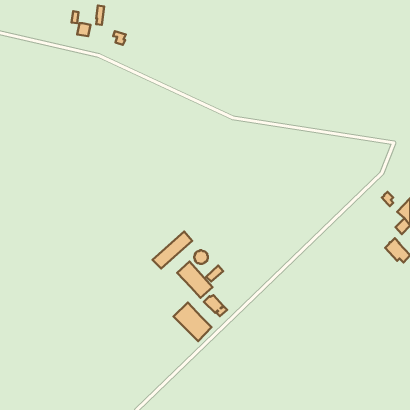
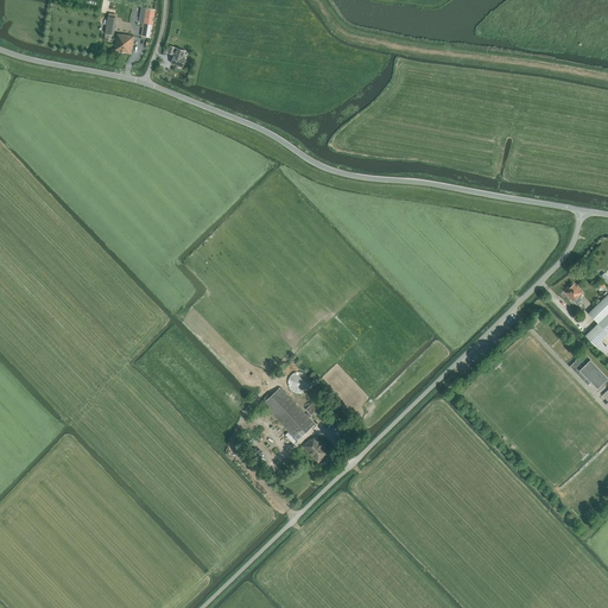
building: [153,231,192,269] -> none
building: [173,303,212,341] -> none

